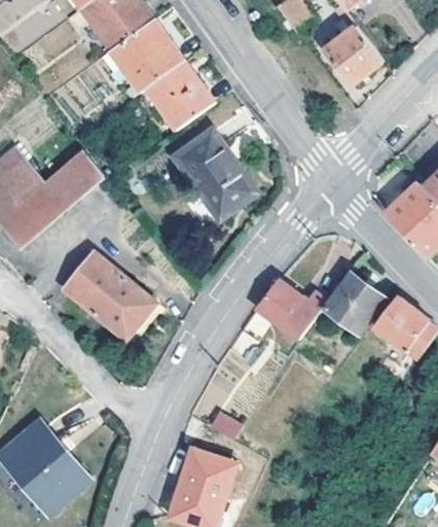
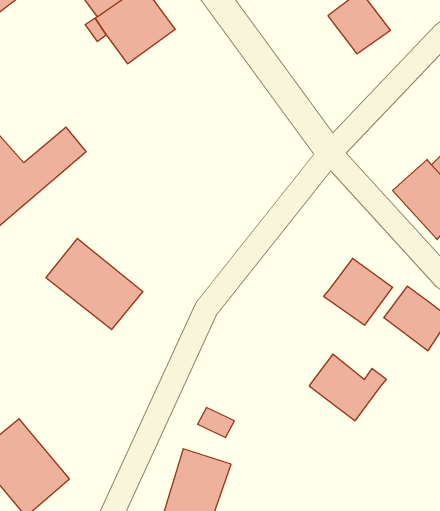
building: [147,60,214,129] -> none
building: [174,130,256,219] -> none
building: [255,277,326,339] -> [309,354,386,421]

